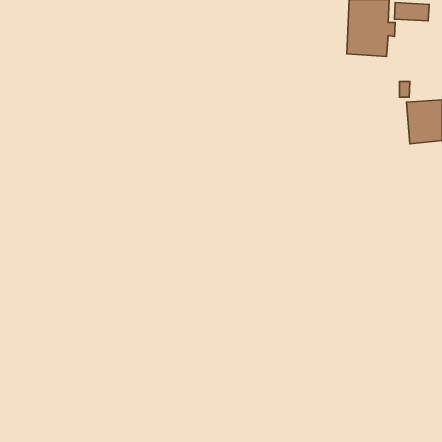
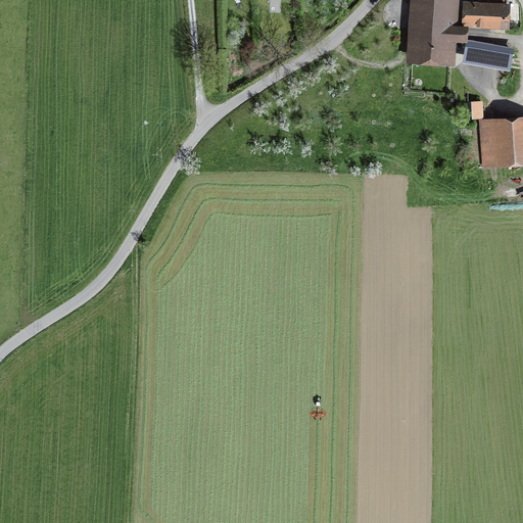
building: none -> [466,40,509,63]

